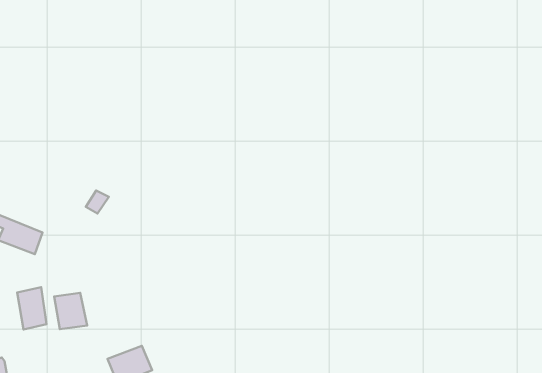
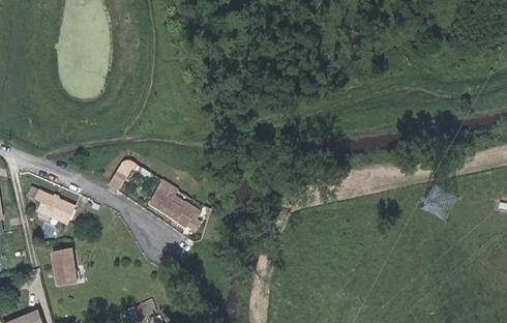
building: none -> [150,181,197,227]
building: [54,293,87,329] -> none

